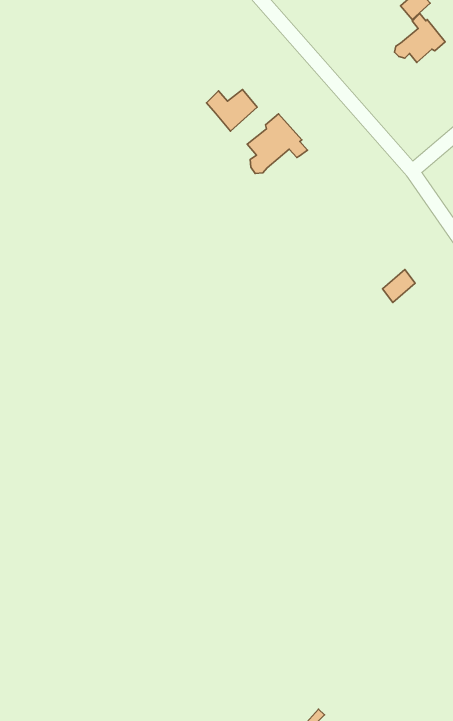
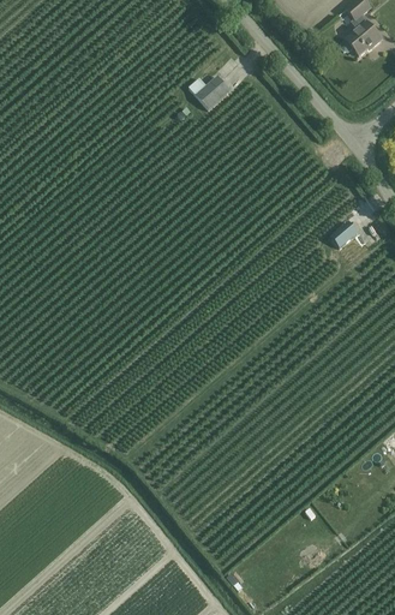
building: [247,114,308,173] -> none

